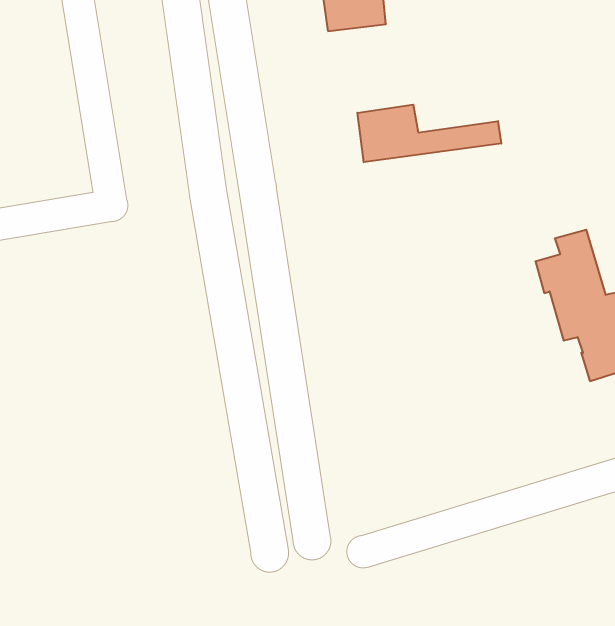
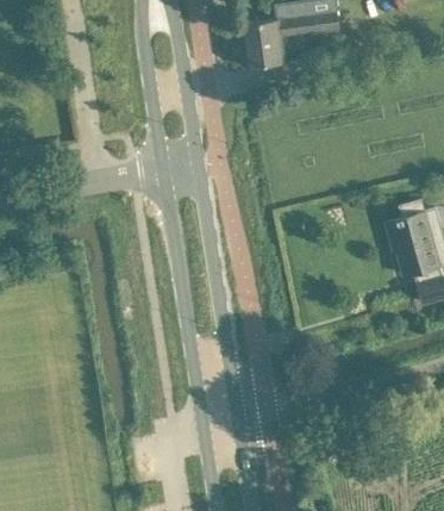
building: [357,105,501,162] -> none

